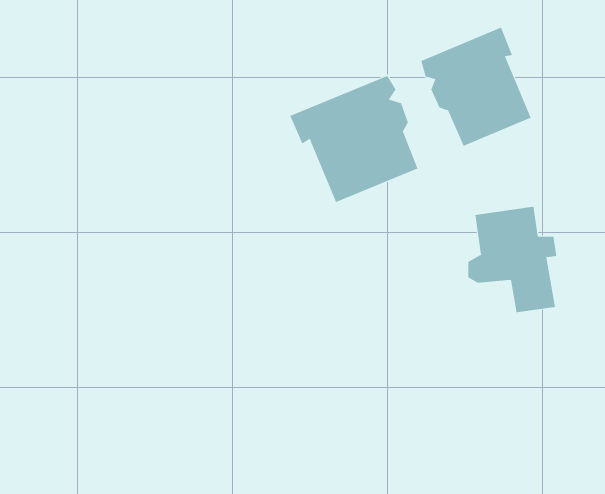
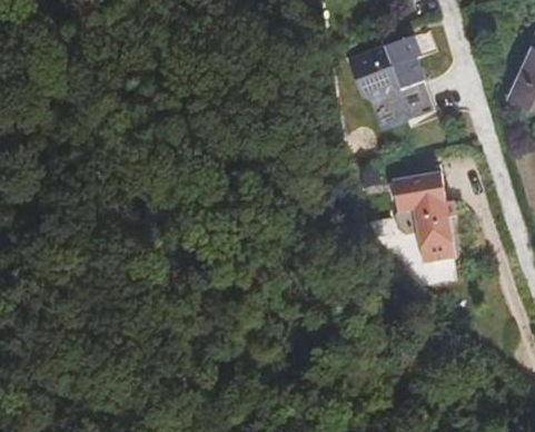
building: [290,75,418,203] -> none

